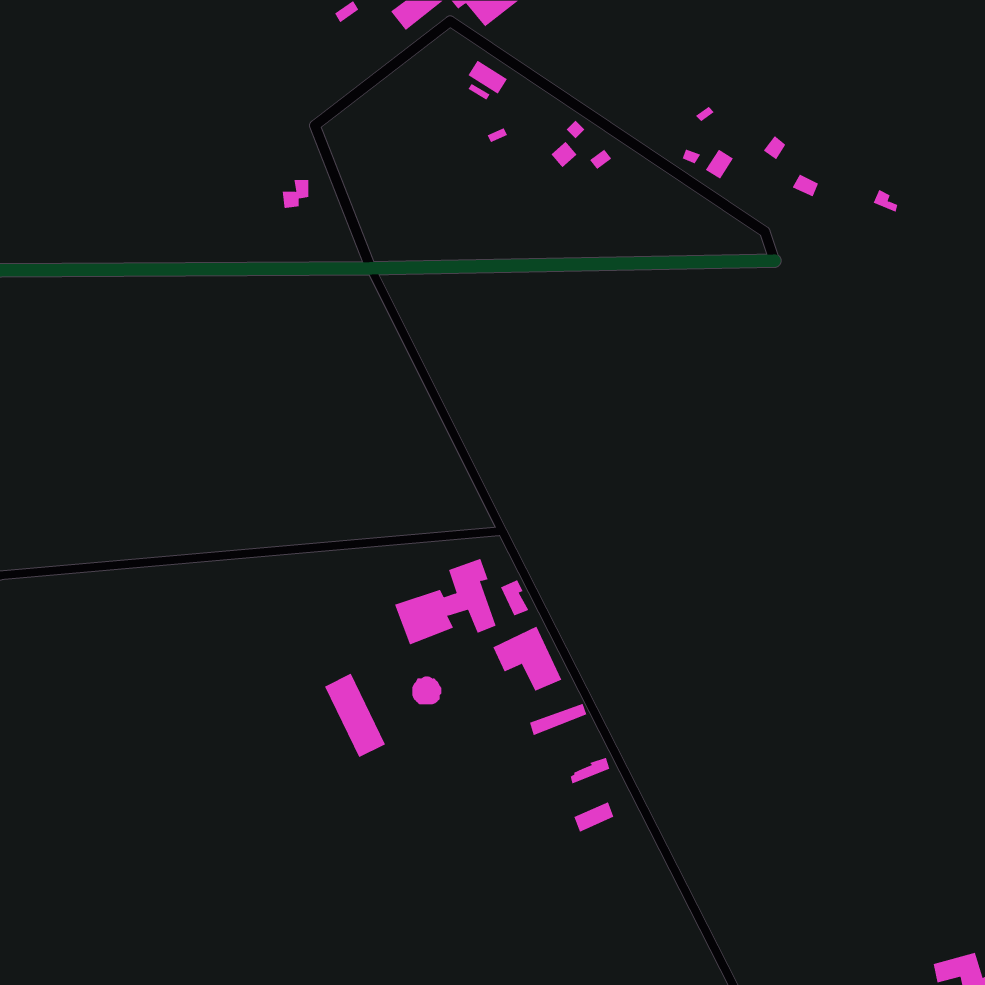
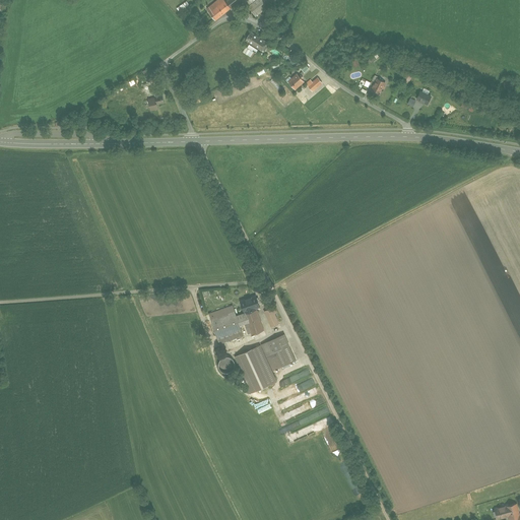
building: [324,673,386,758] -> [236,348,268,393]

